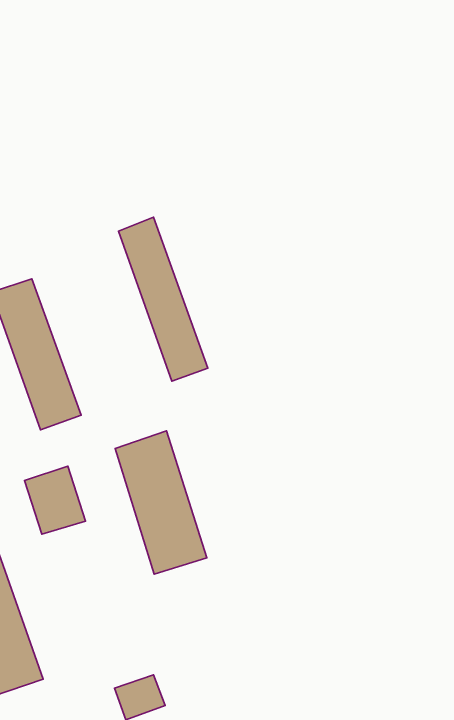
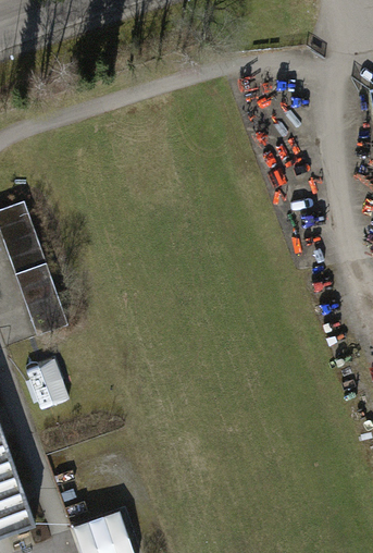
building: [119,217,208,381] -> none
building: [115,431,207,574] -> none

